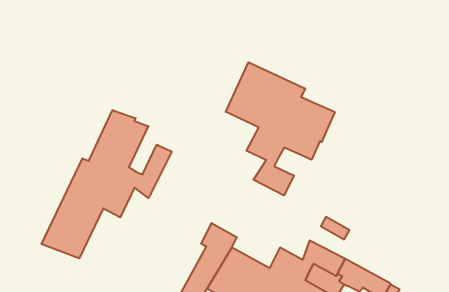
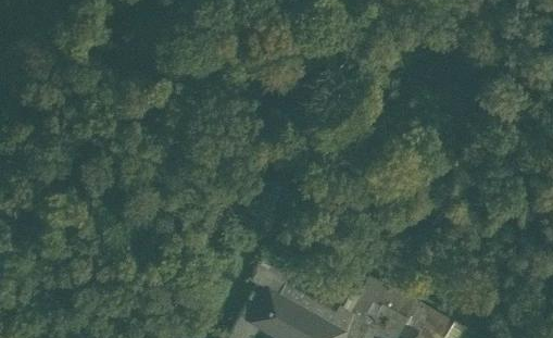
building: [226,62,335,195] -> none
building: [42,110,172,258] -> none

